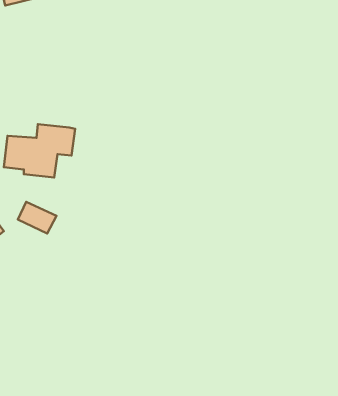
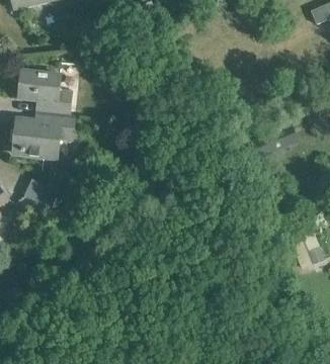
building: none -> [18,70,71,115]

